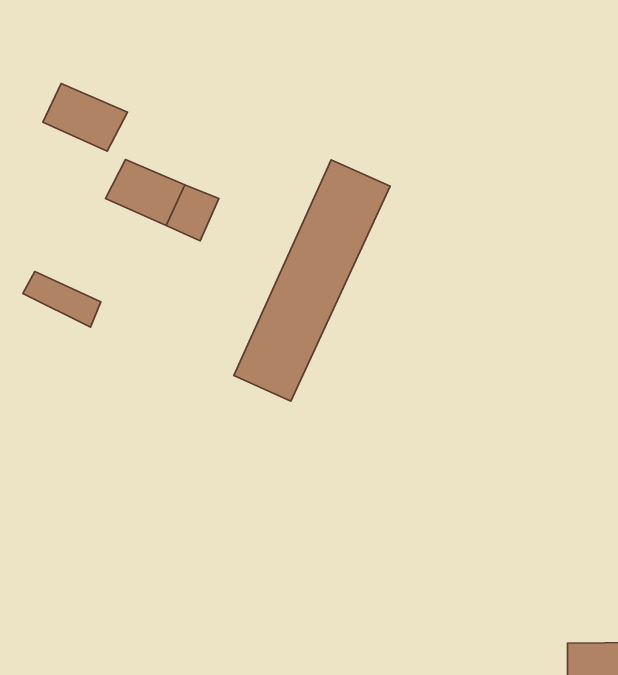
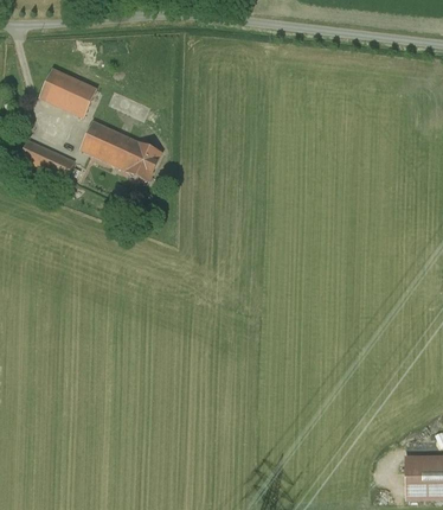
building: [234,160,390,401] -> none
building: [23,271,101,327] -> [19,139,73,178]

